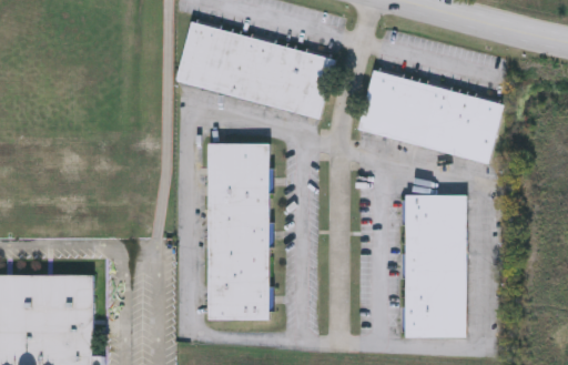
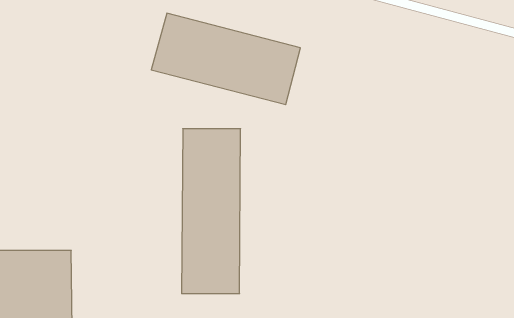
building: [361,68,503,165] -> none
building: [405,194,465,335] -> none

